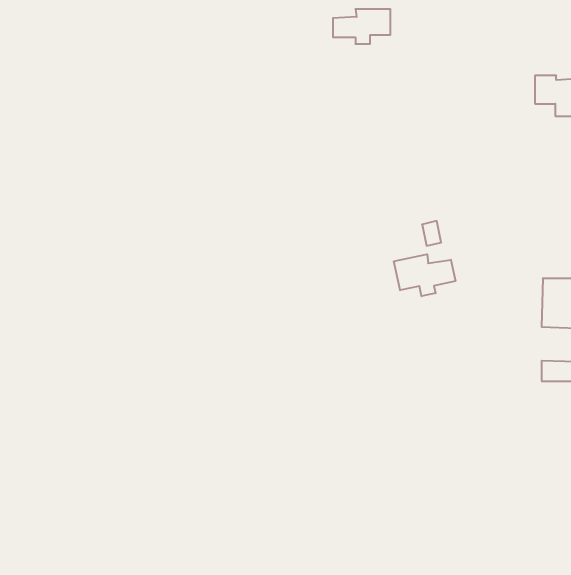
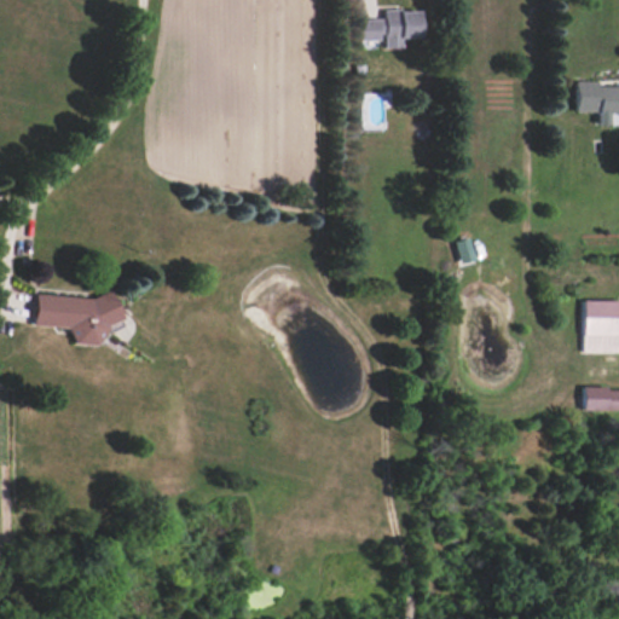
building: [394,254,455,296] -> none
building: none -> [36,294,120,347]

